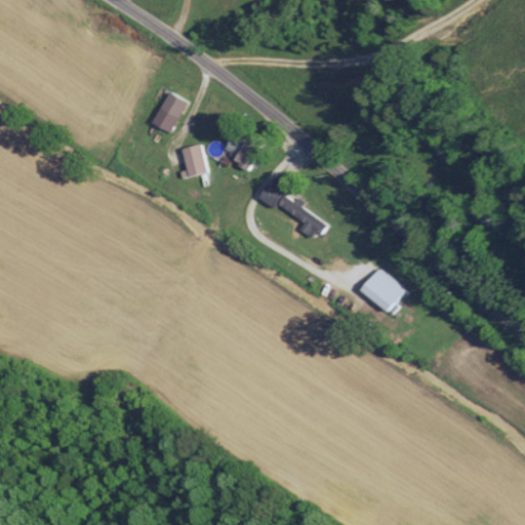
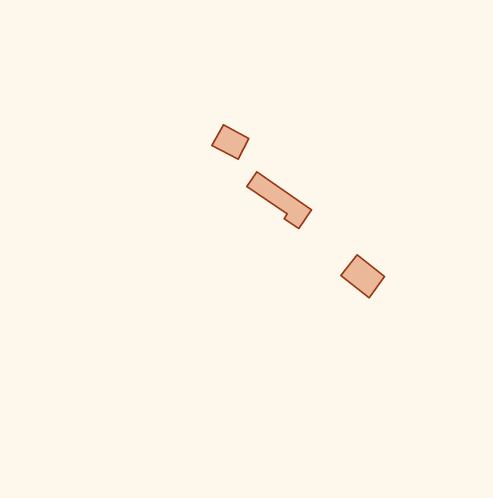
building: [152,92,188,132] -> none
building: [183,146,206,177] -> none

